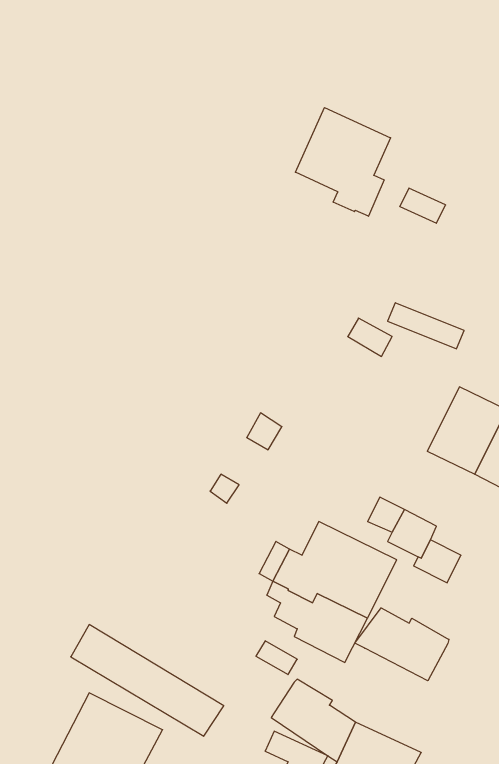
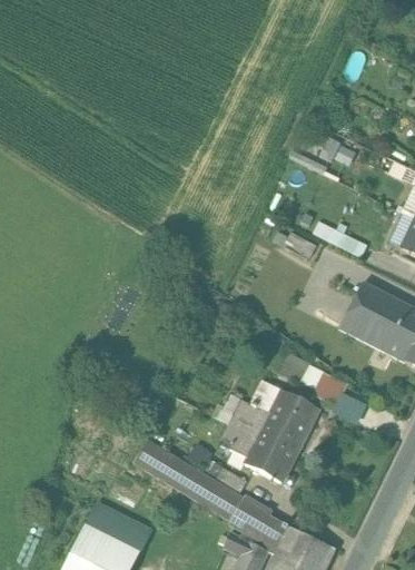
building: [295,108,391,216] -> none
building: [355,608,449,681] -> none
building: [71,625,224,736] -> [134,438,245,519]

